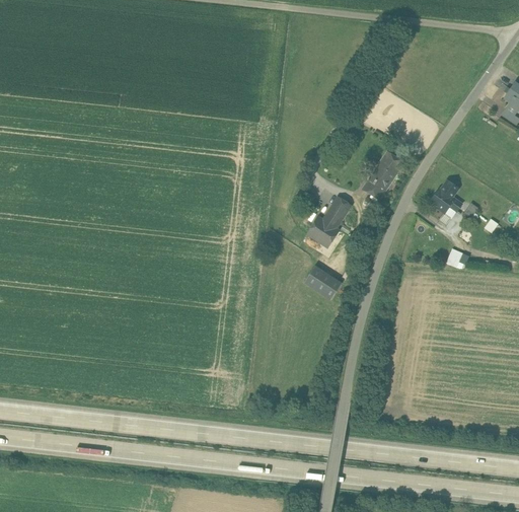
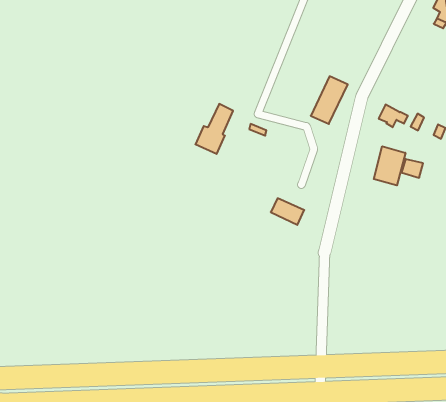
building: [307,196,351,246] -> [195,104,233,154]
building: none -> [374,146,405,185]

